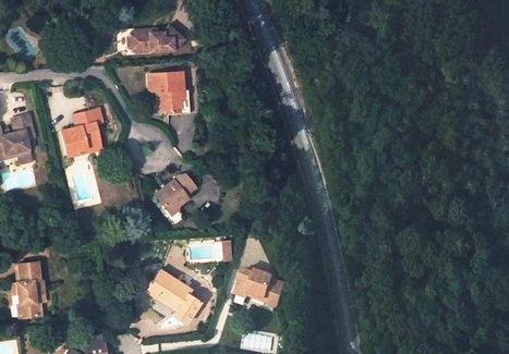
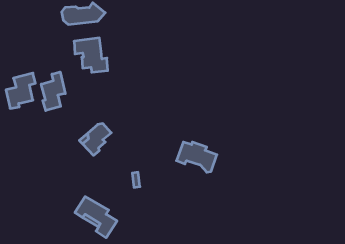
building: none -> [41,72,65,111]
building: [233,261,286,301] -> [176,142,217,172]

